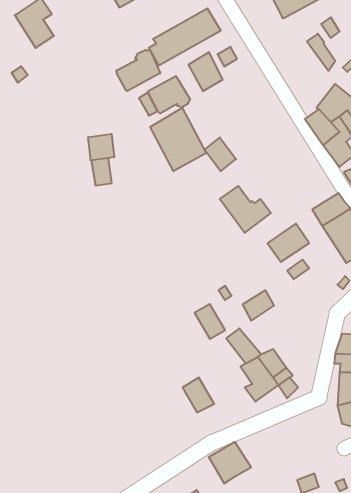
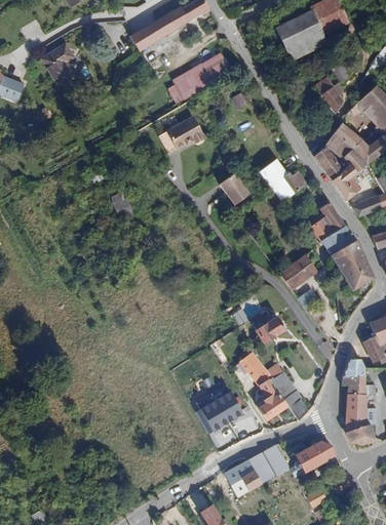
building: [116,50,160,91] -> none
building: [189,52,222,91] -> none
building: [150,108,206,171] -> none
building: [88,134,114,160] -> none
building: none -> [312,202,346,241]
building: [220,186,271,233] -> [260,159,308,203]
building: [195,304,225,339] -> [215,391,243,423]
building: none -> [295,442,336,473]
building: none -> [248,446,288,483]

